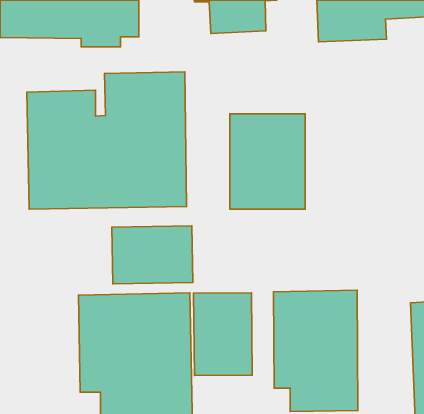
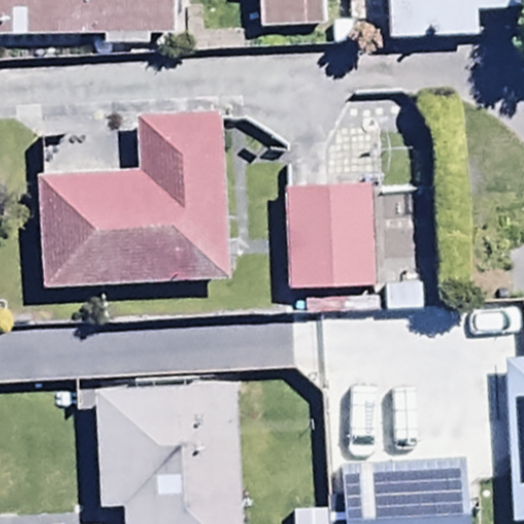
building: [112,226,193,284] -> none
building: [194,293,252,376] -> none

